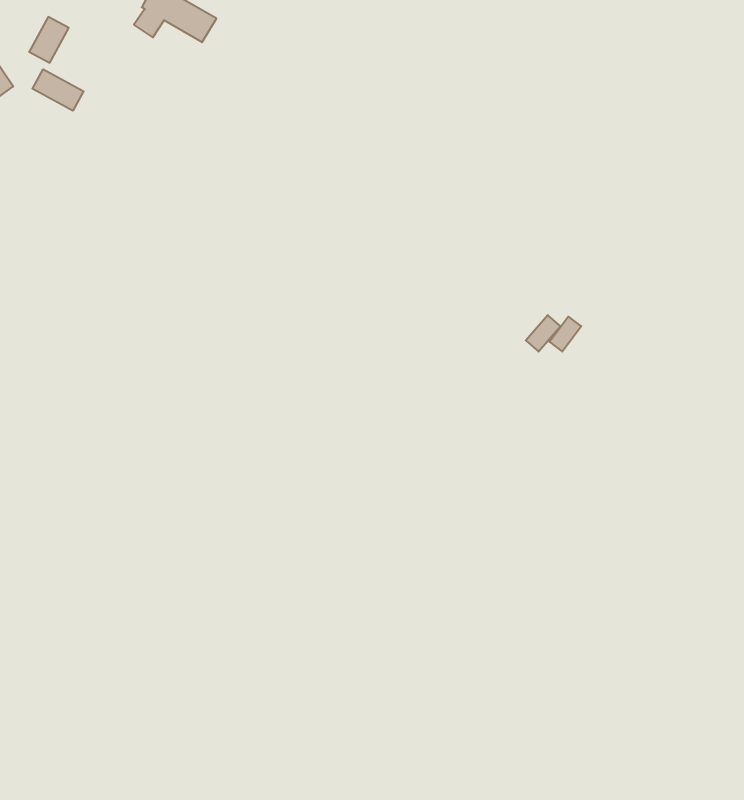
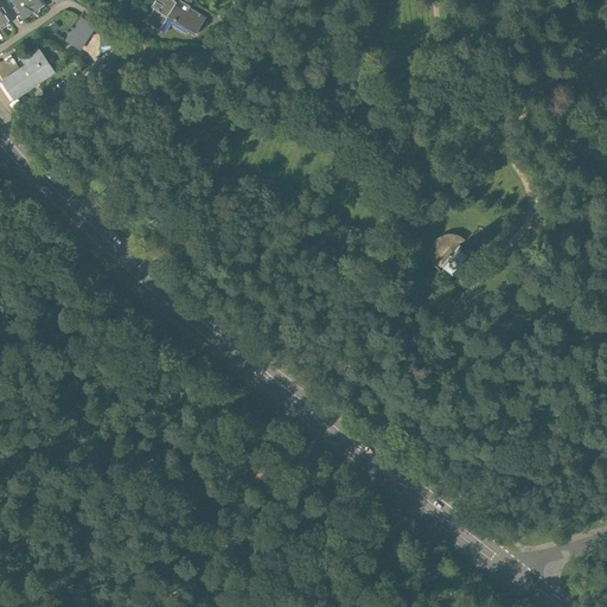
building: [32,69,84,111] -> none

